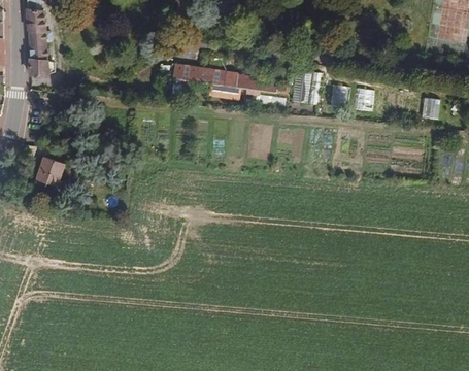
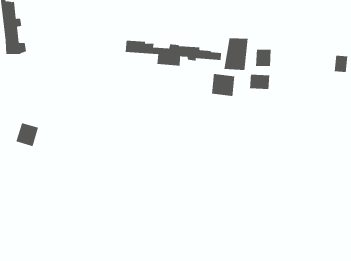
building: none -> [211,73,235,97]
building: none -> [250,74,270,90]

